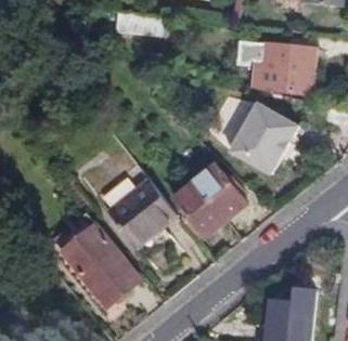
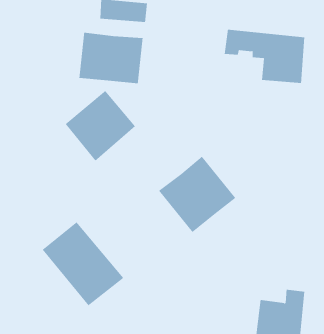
building: none -> [79,32,143,84]
building: [230,102,296,172] -> none
building: [106,178,175,246] -> [65,90,136,161]

